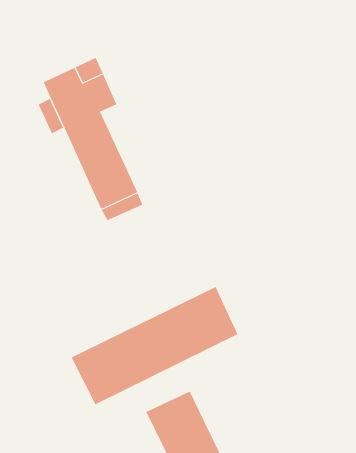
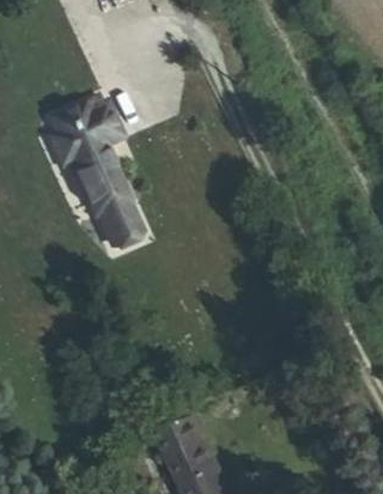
building: [71,286,238,405] -> none

